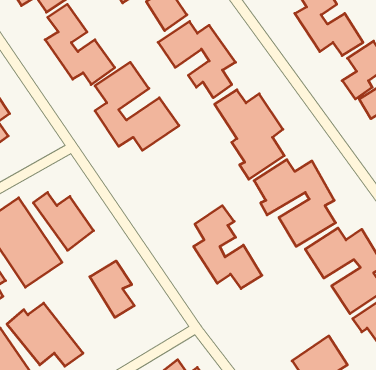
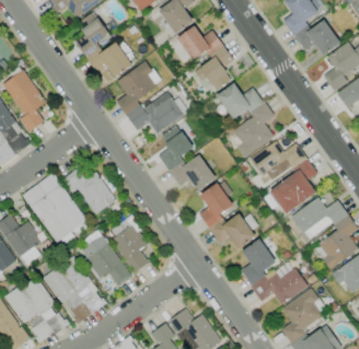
building: none -> [159,125,216,191]
building: none -> [80,235,132,286]
building: none -> [241,239,308,304]

